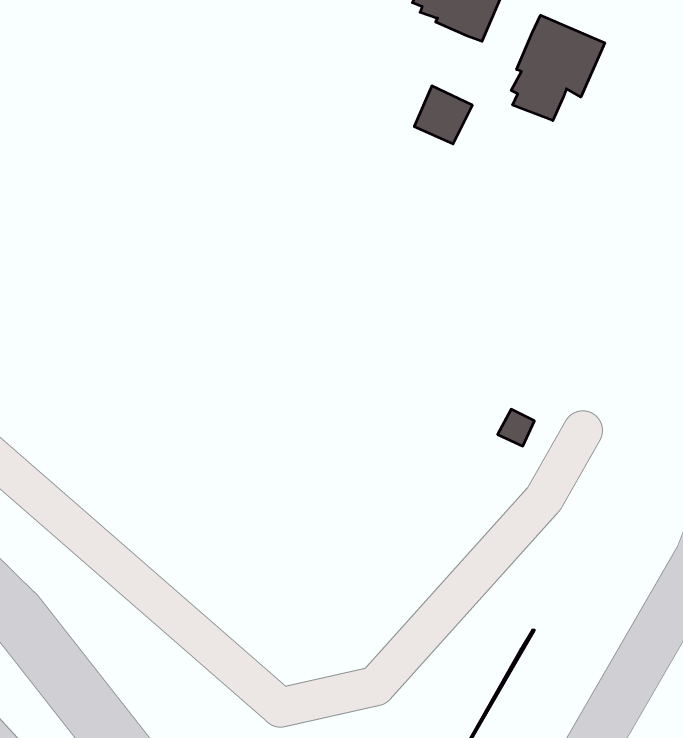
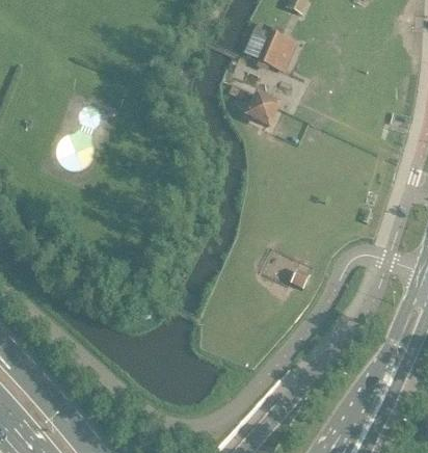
building: [511,15,605,121] -> none

